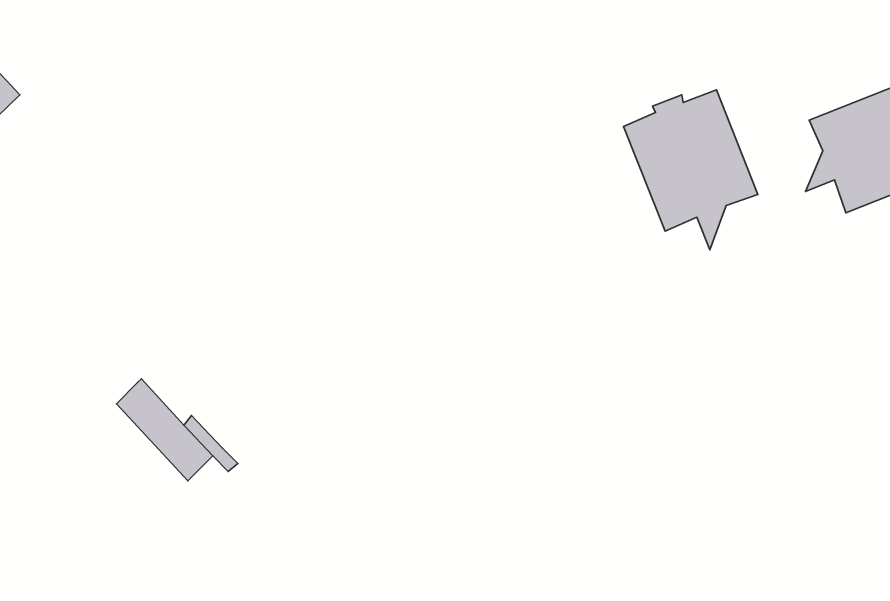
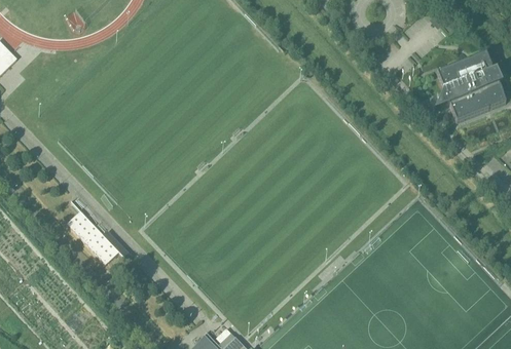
building: [624,90,758,250] -> none

